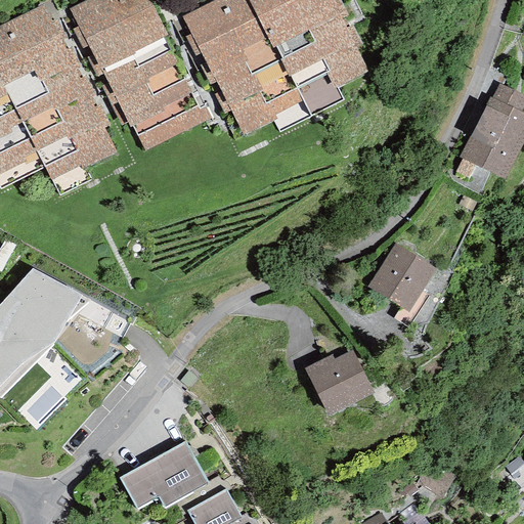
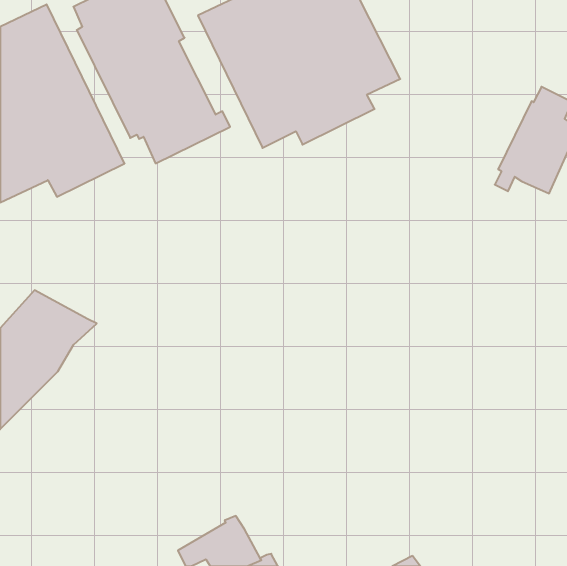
building: [368,243,436,310] -> none
building: [305,348,375,413] -> none
building: [120,439,209,508] -> none

